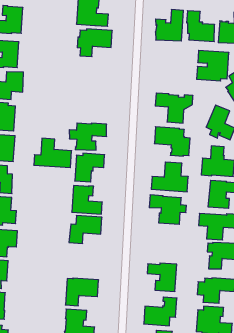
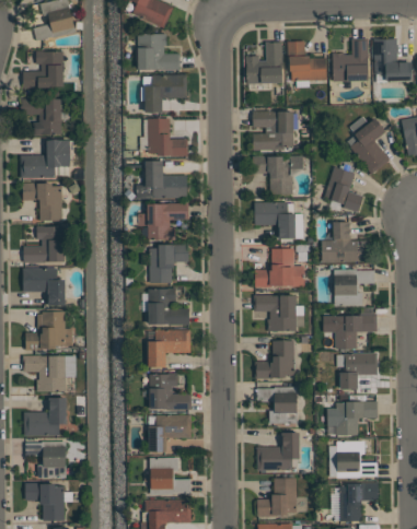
building: [197,50,229,81] -> [253,111,294,151]
building: none -> [140,119,188,156]
building: [34,138,72,168] -> [137,162,187,199]
building: none -> [255,341,294,379]
building: none -> [150,374,192,410]

